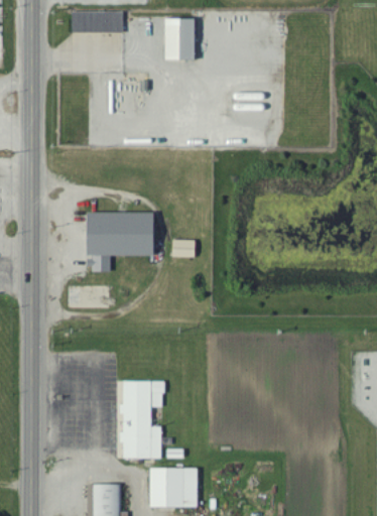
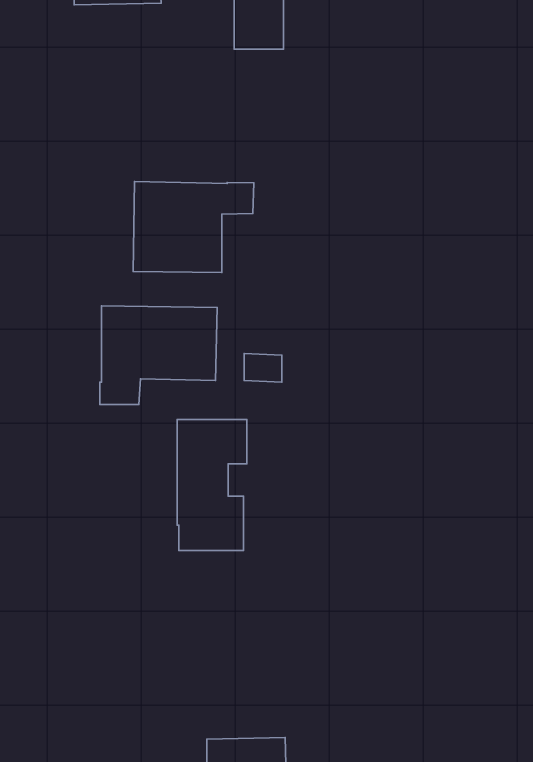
building: none -> [133,181,254,272]
building: [121,381,162,459] -> [177,420,247,551]

